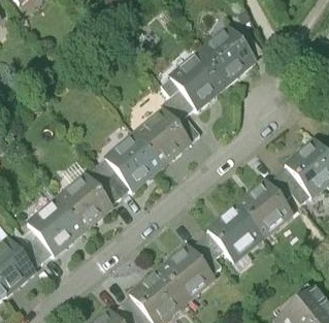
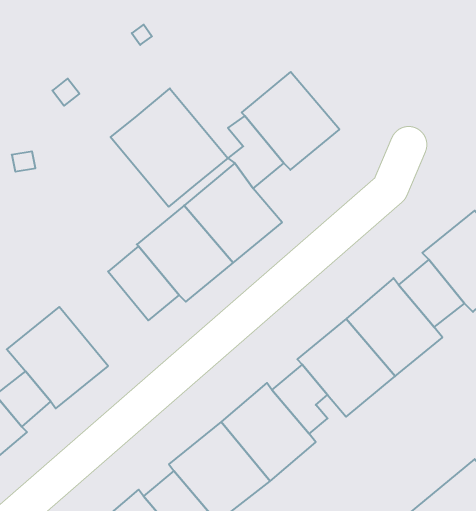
building: [199,26,259,86] -> none
building: none -> [111,88,228,207]
building: [58,170,116,230] -> none

